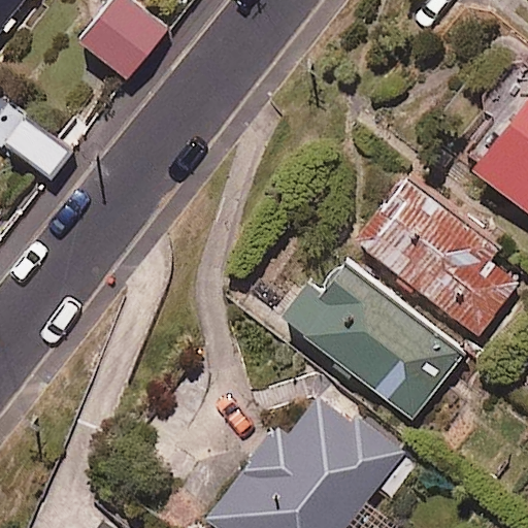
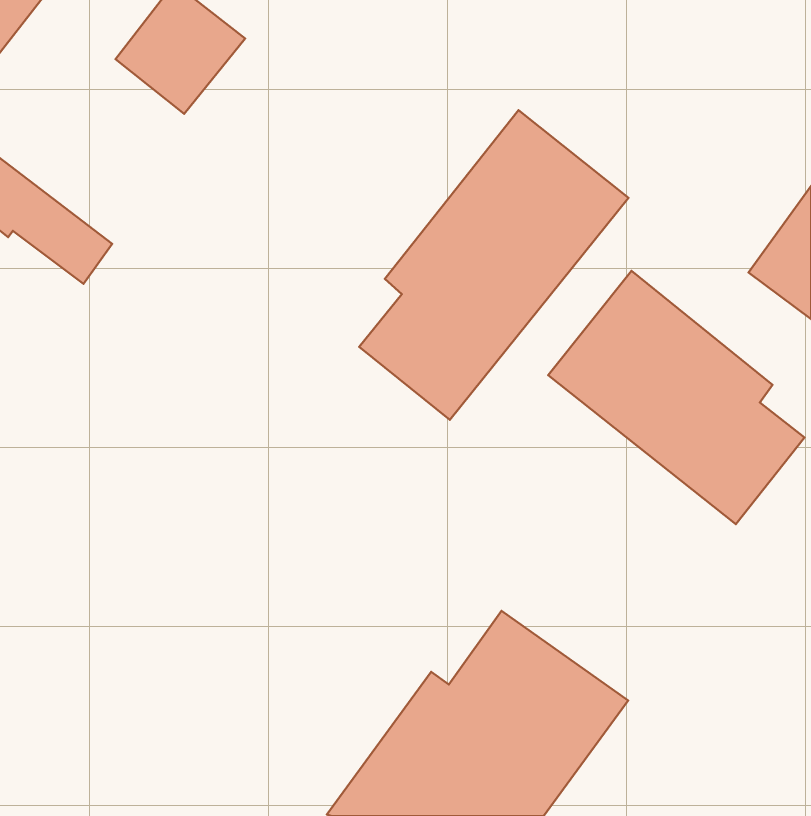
building: none -> [359,110,628,420]
building: [286,255,464,421] -> none

